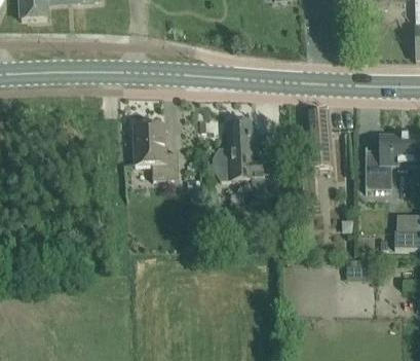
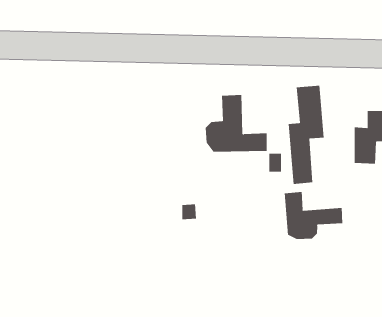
building: [133,123,180,179] -> none
building: none -> [284,191,343,240]

